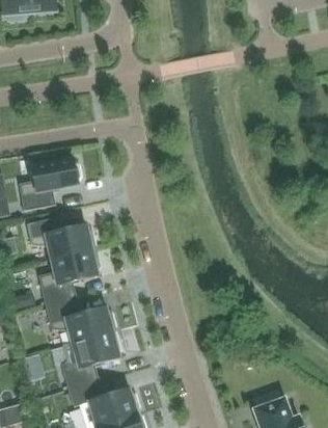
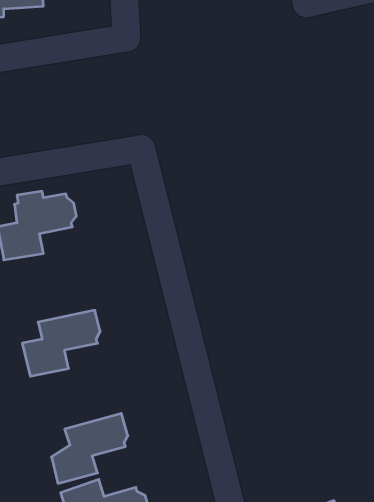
building: [26,217,95,259] -> none
building: [46,300,116,343] -> none

